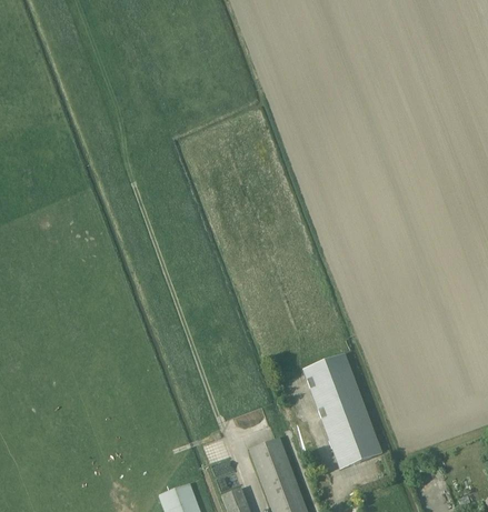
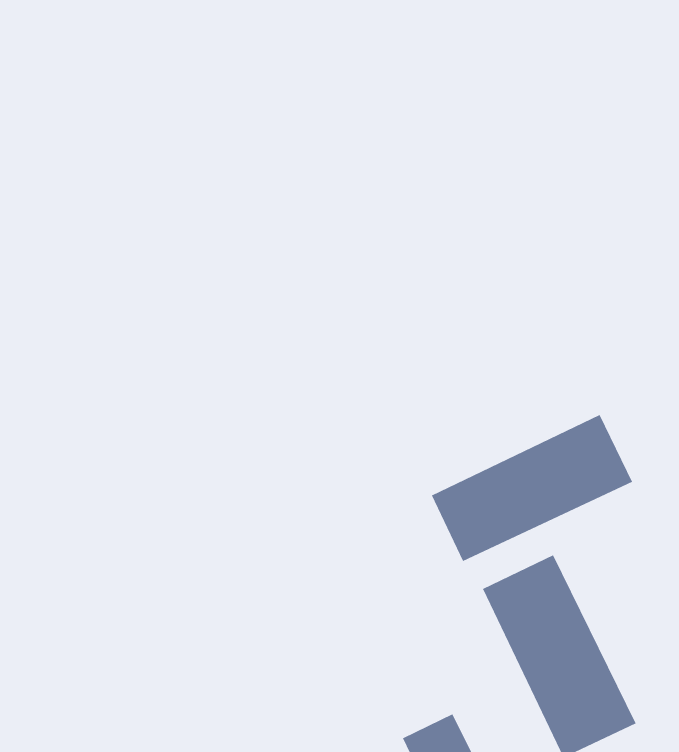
building: none -> [431,414,633,562]

